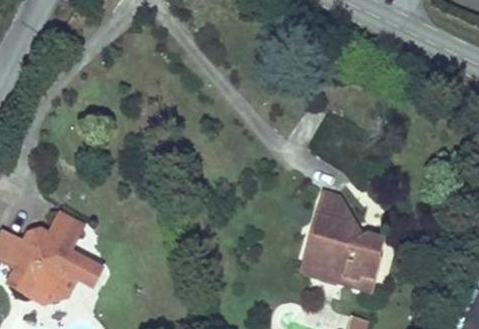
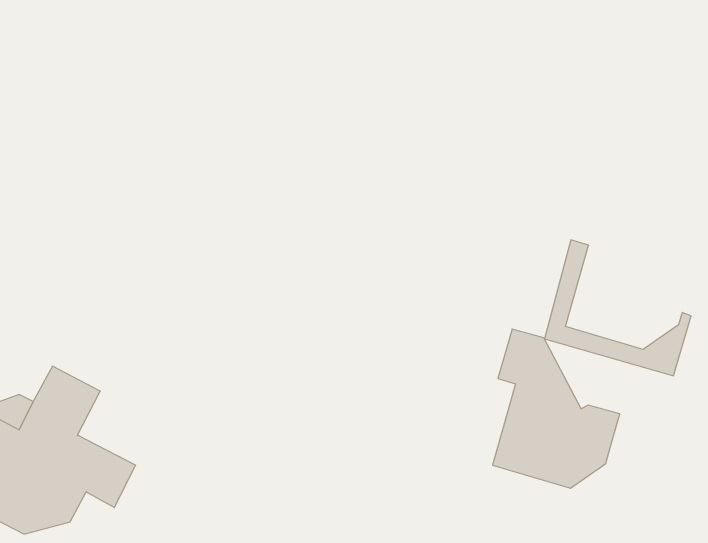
building: [299,217,382,294] -> [544,240,691,376]

